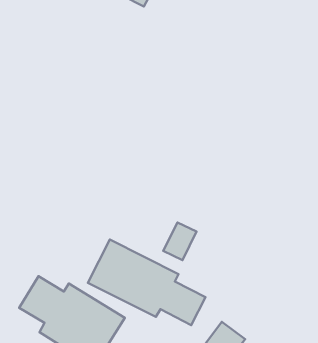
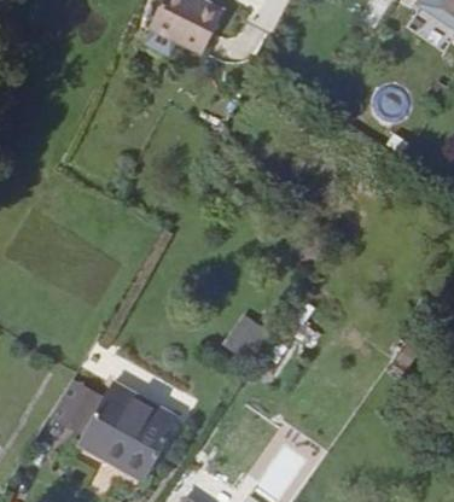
building: [88,239,206,325] -> none

